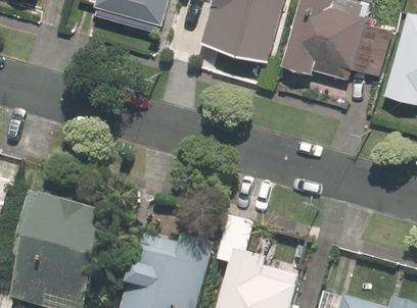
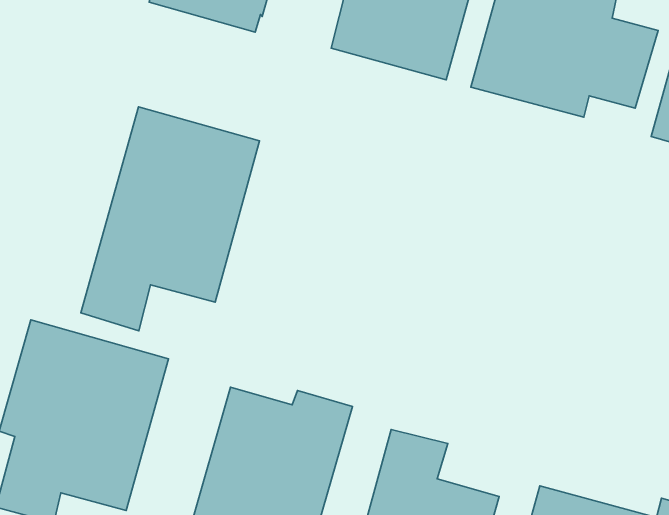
building: none -> [81,107,259,331]

